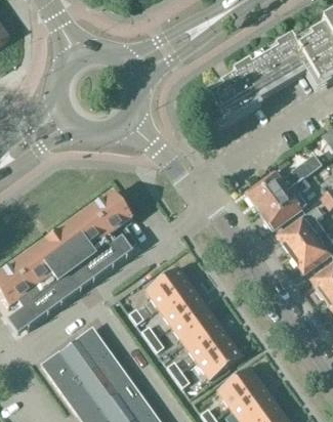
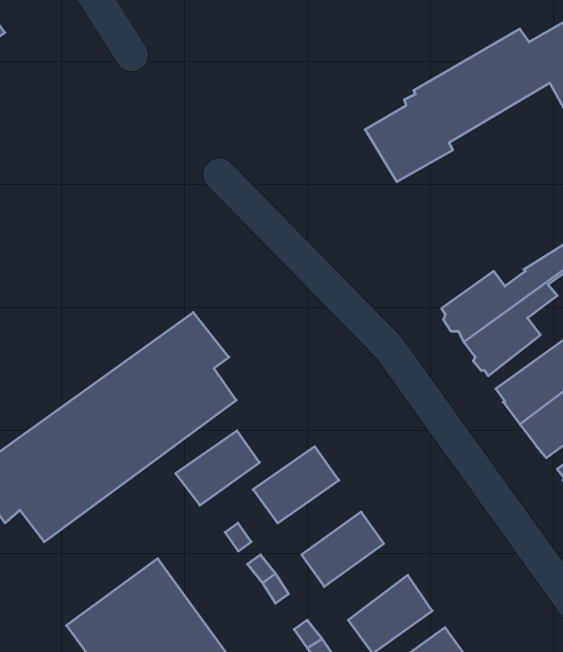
building: [158,285,204,326] -> [176,431,260,505]
building: [183,320,230,362] -> none

